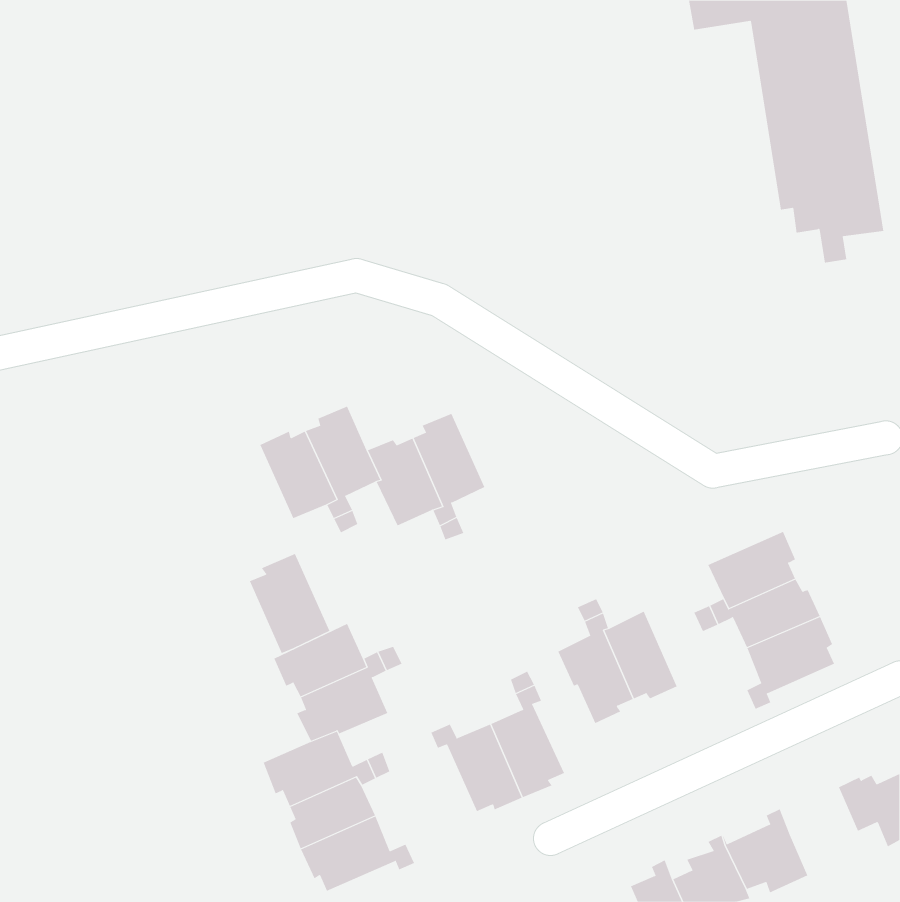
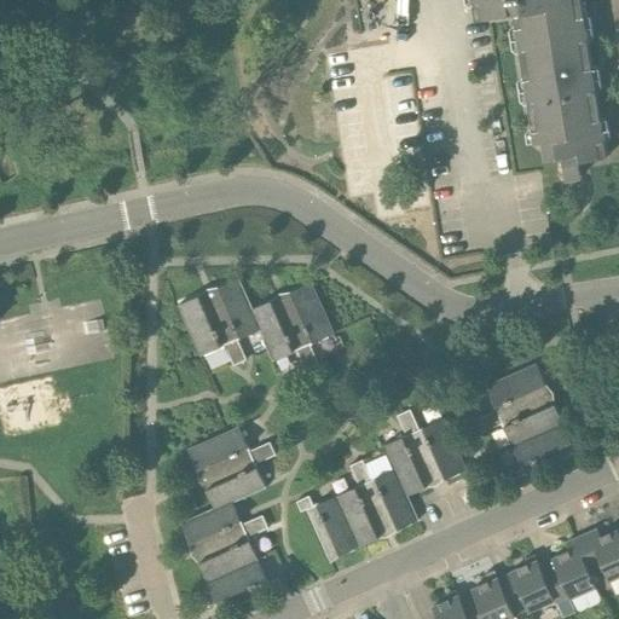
building: [249,553,330,654] -> none
building: none -> [365,469,418,530]
building: none -> [542,539,596,602]

